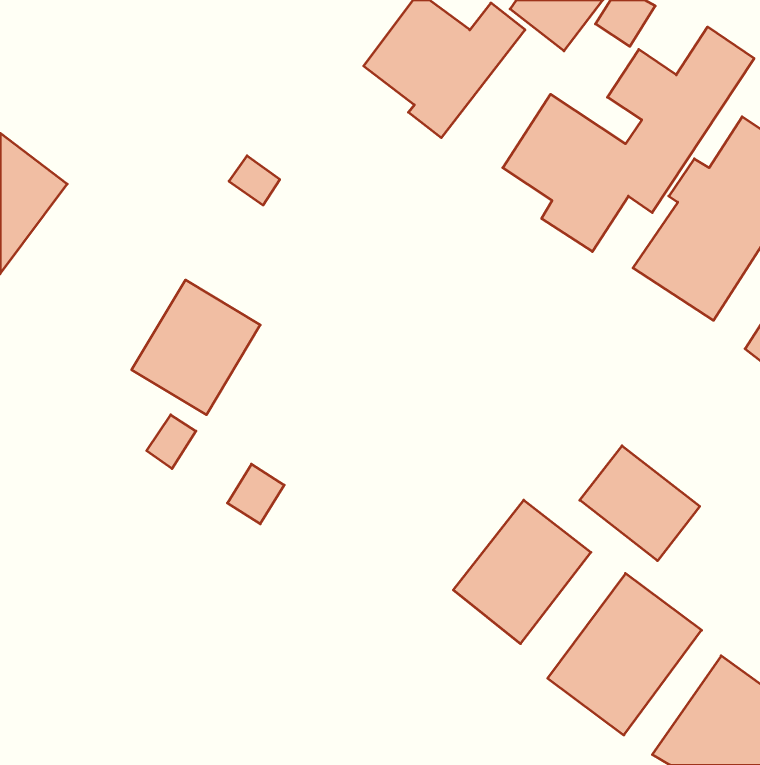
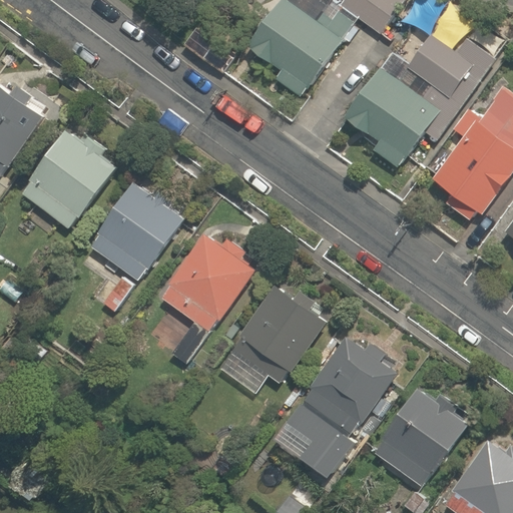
building: none -> [19,129,116,240]
building: none -> [160,230,254,331]
building: none -> [218,287,327,396]
building: [580,446,700,561] -> none
building: none -> [273,402,357,481]

